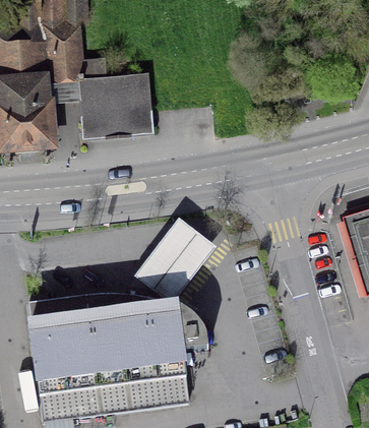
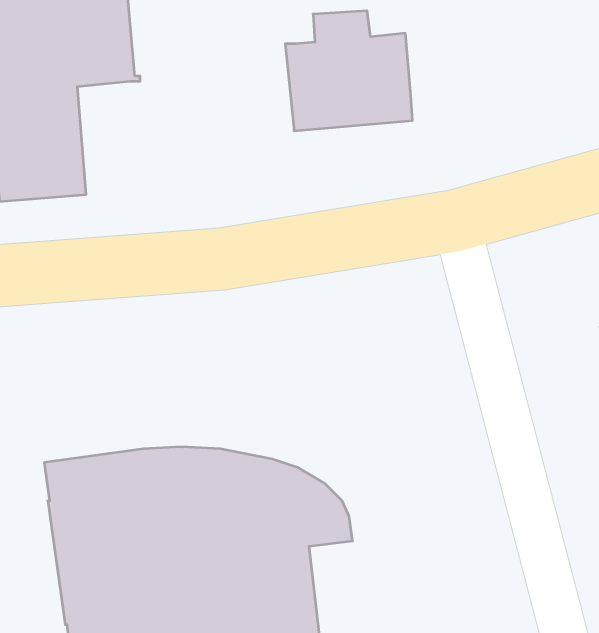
building: [77,61,151,131] -> [285,11,412,131]
building: [136,217,217,302] -> none

